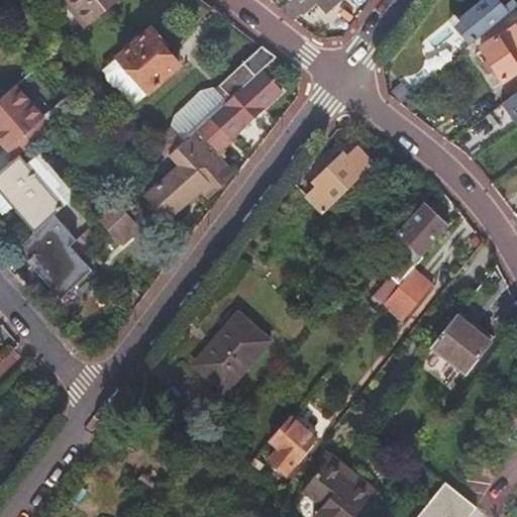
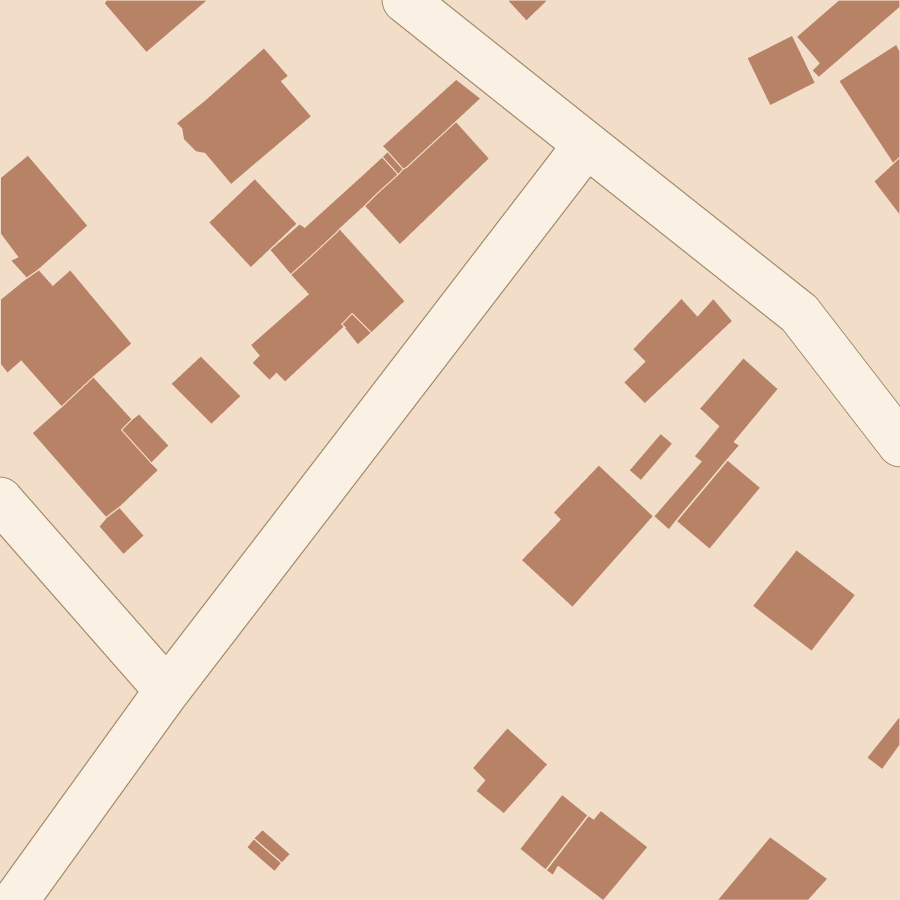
building: none -> [208,178,297,268]
building: [309,150,372,211] -> [624,298,733,404]
building: [194,311,270,393] -> [521,465,653,608]

